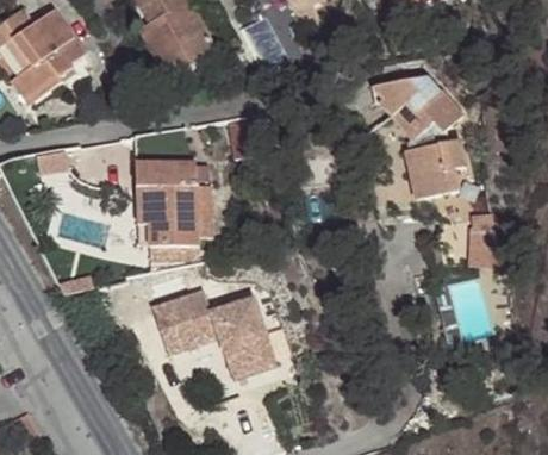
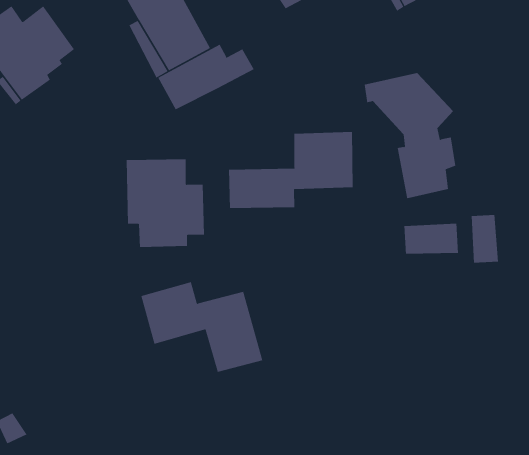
building: none -> [158,44,254,110]
building: none -> [229,131,353,209]
building: none -> [404,223,458,255]

